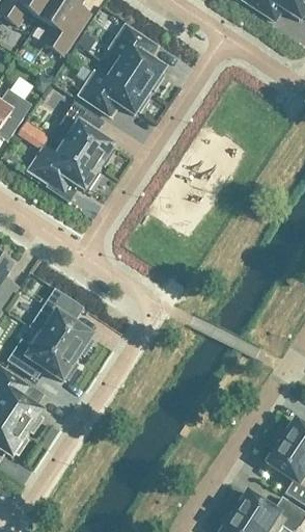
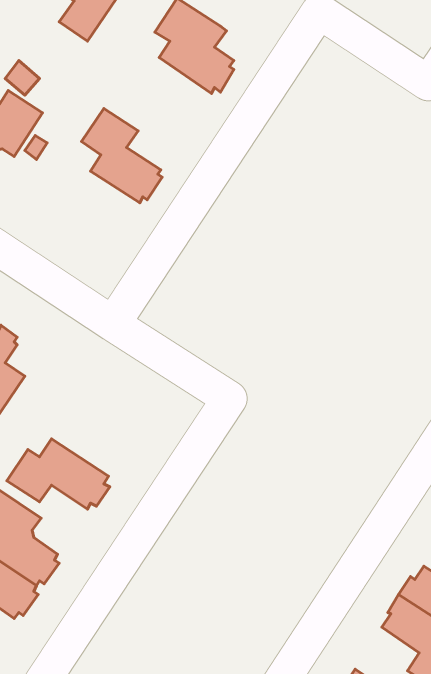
building: [80,65,150,116] -> none
building: [29,144,100,192] -> none
building: [30,287,94,356] -> none

